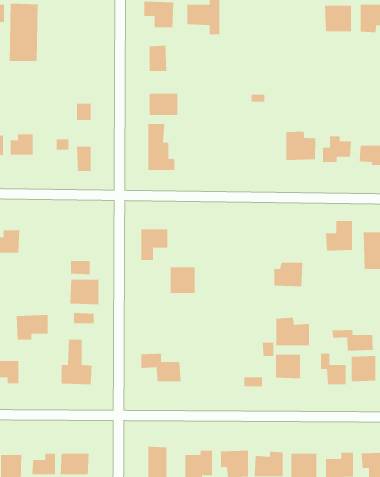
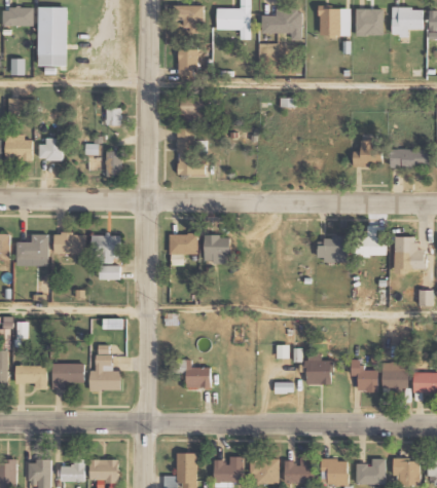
building: none -> [319,8,350,36]
building: none -> [261,9,301,40]
building: [286,131,316,161] -> none
building: none -> [53,233,85,254]
building: [274,262,303,287] -> [317,237,347,262]
building: [170,267,195,293] -> [204,236,229,263]
building: [70,279,99,305] -> [90,235,120,261]
building: [16,315,49,340] -> [51,364,84,389]
building: [276,317,310,346] -> none
building: [332,329,373,352] -> none

